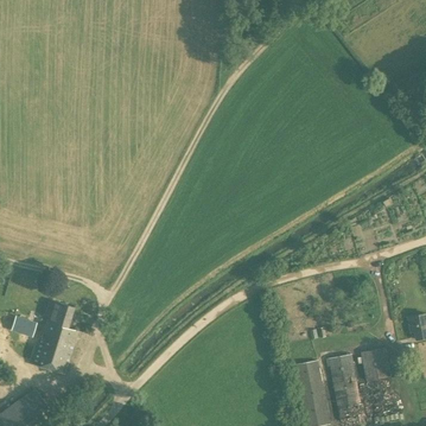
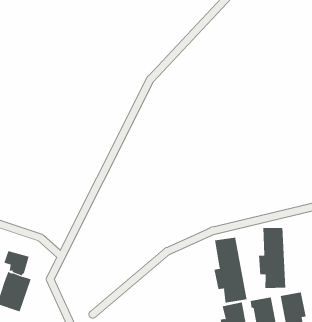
building: none -> [258,227,286,289]
building: none -> [214,237,247,303]

